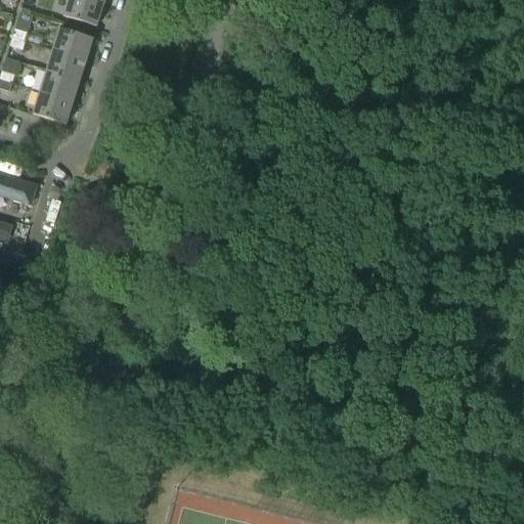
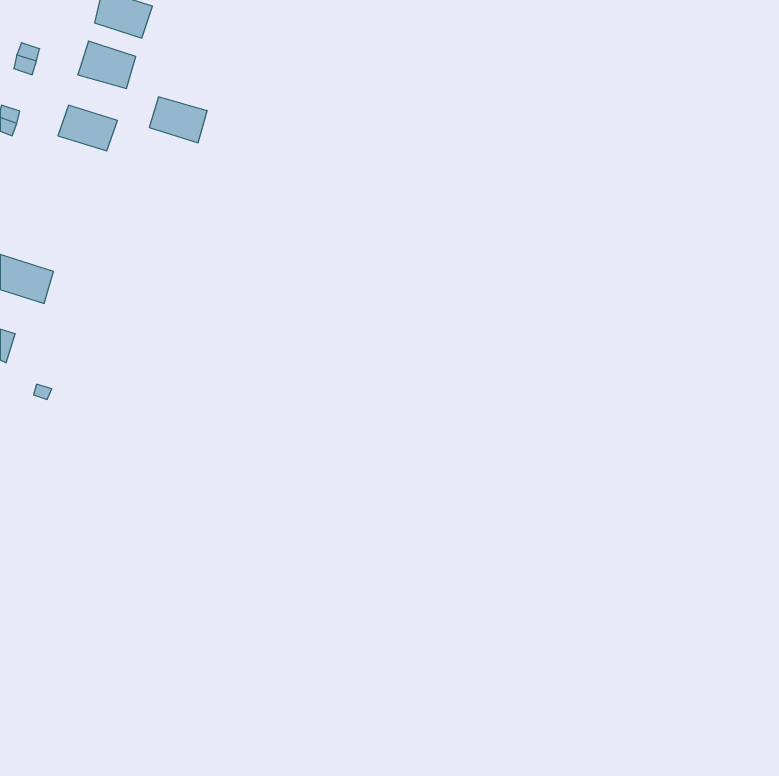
building: [46,50,85,81] -> [149,97,207,143]
building: [33,91,72,123] -> none

